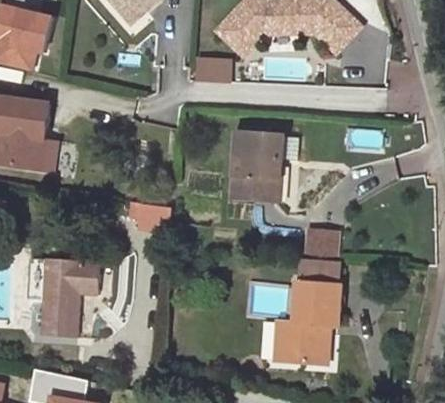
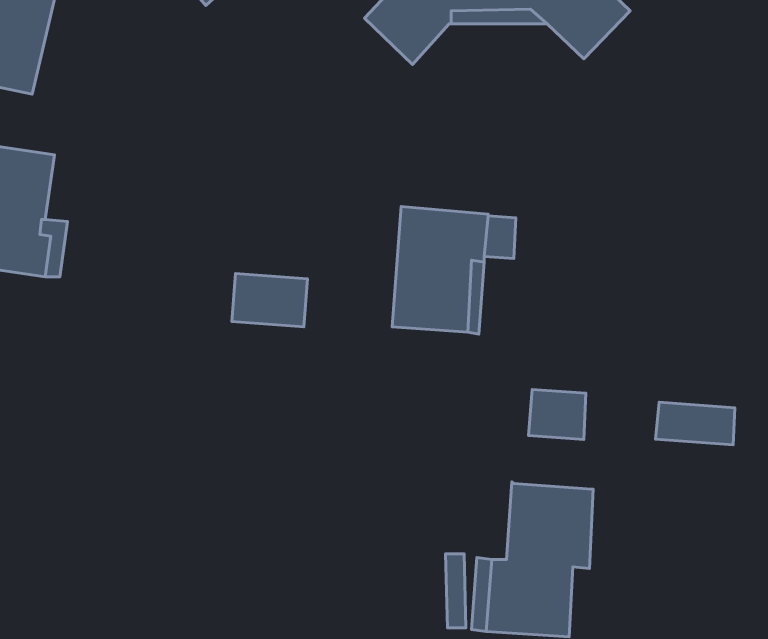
building: [194,57,231,81] -> none
building: [130,200,171,229] -> [232,273,307,327]
building: [28,258,101,337] -> none
building: [298,261,341,284] -> [656,402,735,445]

